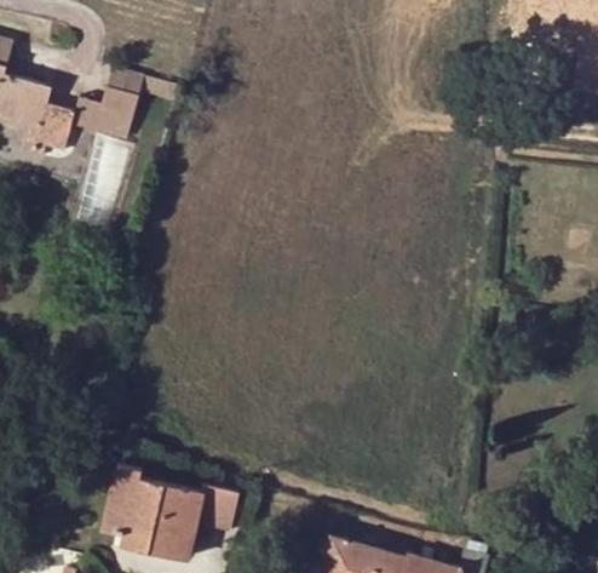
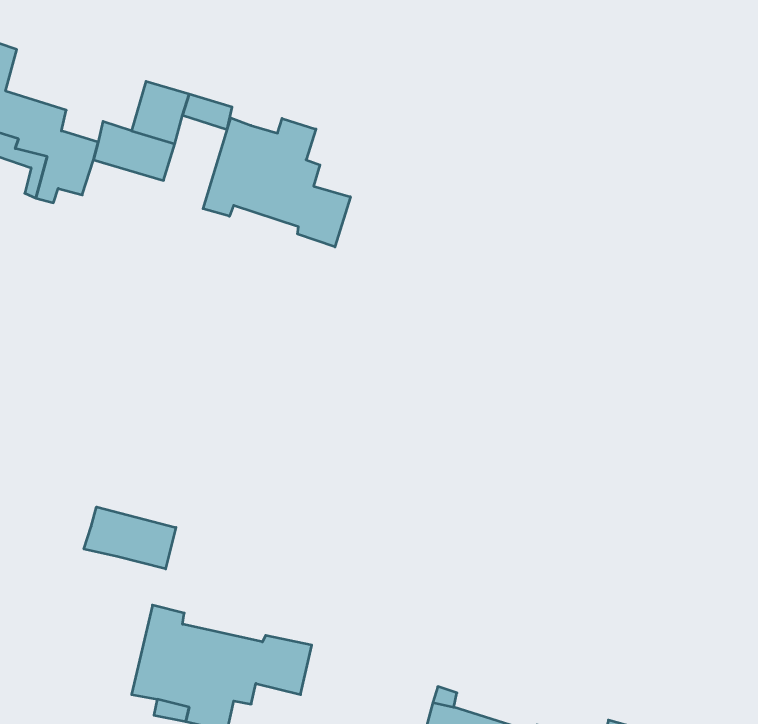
building: none -> [203,118,350,247]
building: none -> [84,507,176,569]

